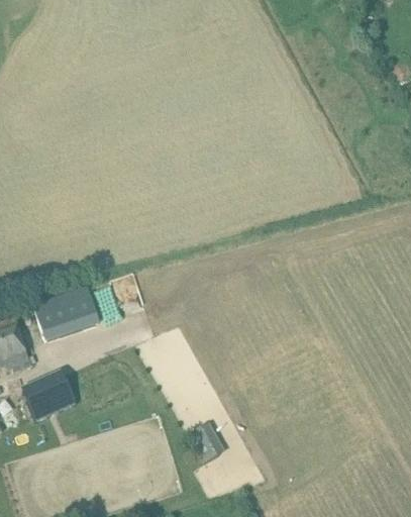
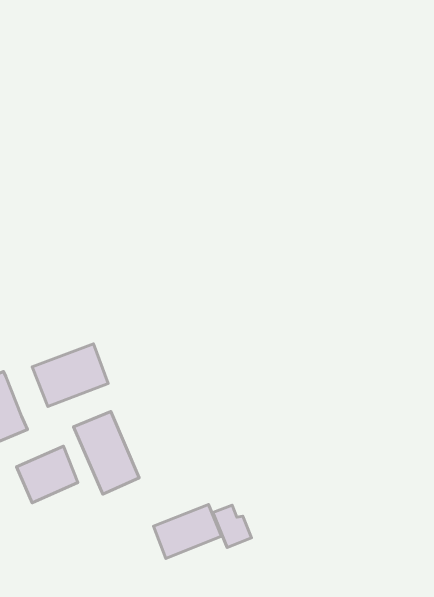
building: none -> [73,412,139,494]
building: none -> [154,505,222,559]

